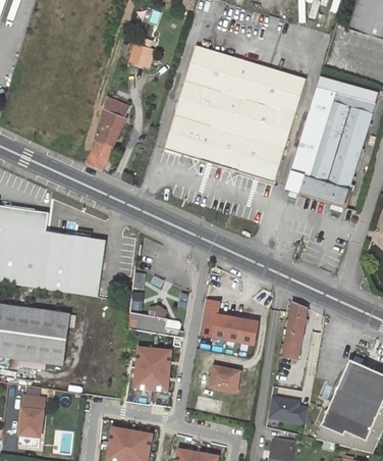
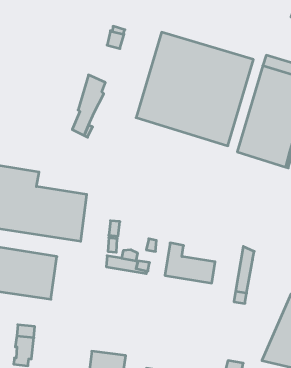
building: [128,345,174,393] -> none
building: [209,366,238,392] -> none
building: [268,393,308,423] -> none

